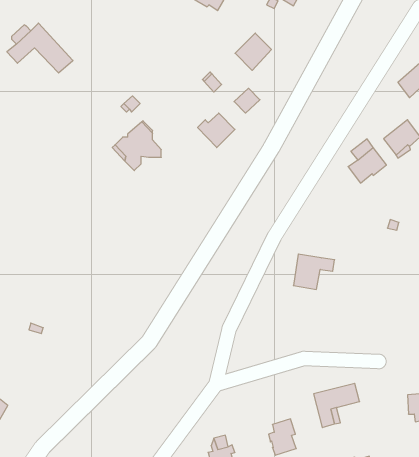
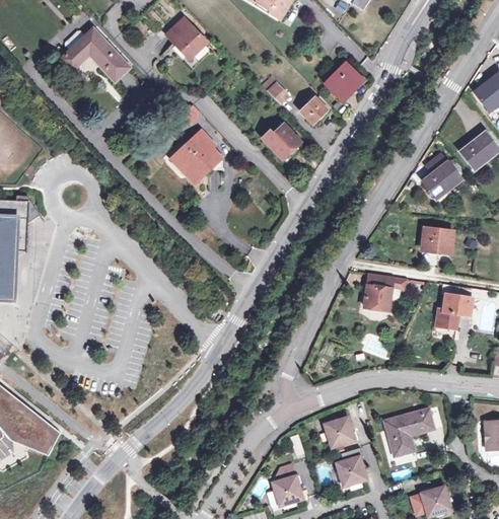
building: none -> [166,19,207,59]
building: [235,33,271,70] -> [326,63,364,102]
building: none -> [420,228,451,251]
building: none -> [435,284,488,327]
building: none -> [325,418,357,446]

